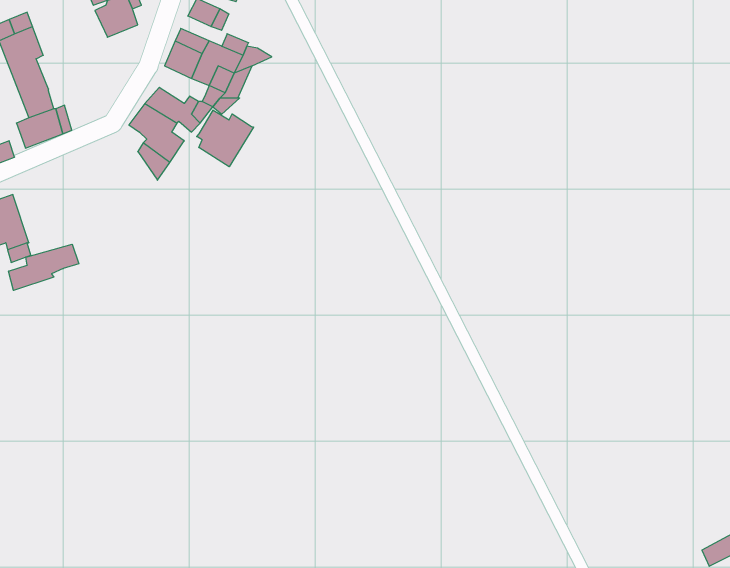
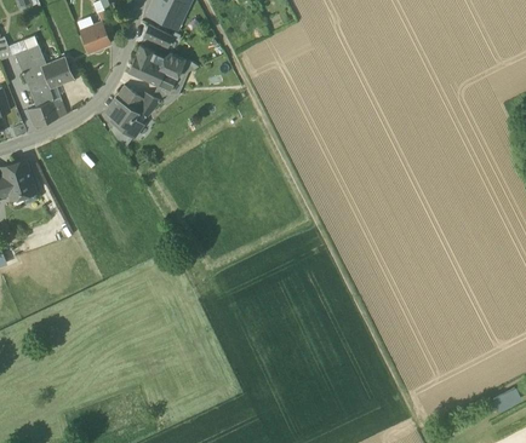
building: none -> [41,56,75,87]
building: [197,110,254,167] -> none
building: [9,244,79,290] -> none

